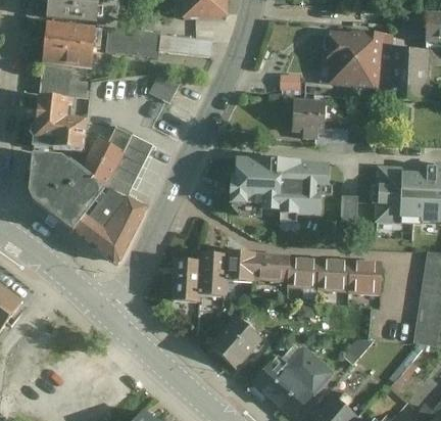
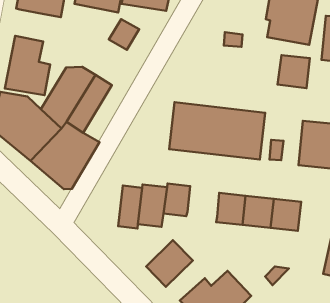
building: [39,64,87,100] -> none
building: [295,95,330,131] -> [278,55,310,88]
building: [252,252,287,285] -> none

